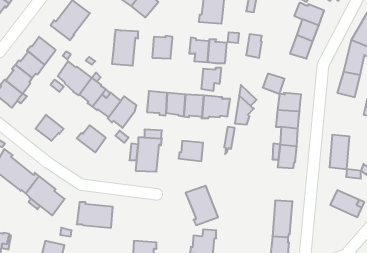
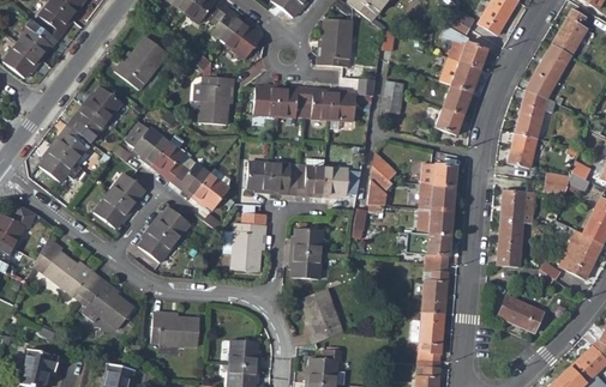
building: [201,68,221,91] -> [278,86,306,117]
building: [263,74,285,94] -> [434,108,464,135]
building: none -> [108,173,145,211]
building: none -> [499,189,533,223]
building: none -> [138,224,175,262]
building: none -> [289,252,320,279]
building: none -> [421,264,448,310]
building: none -> [228,339,260,367]

